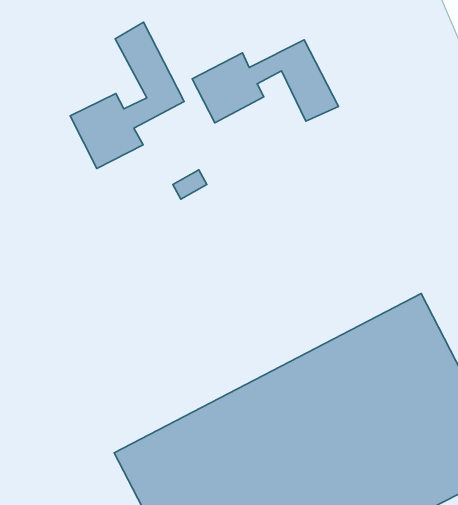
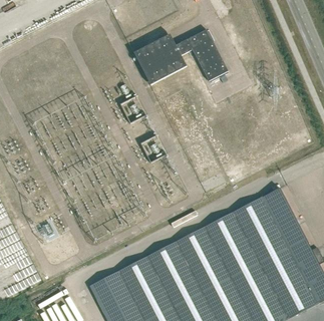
building: [70,22,184,168] -> none

